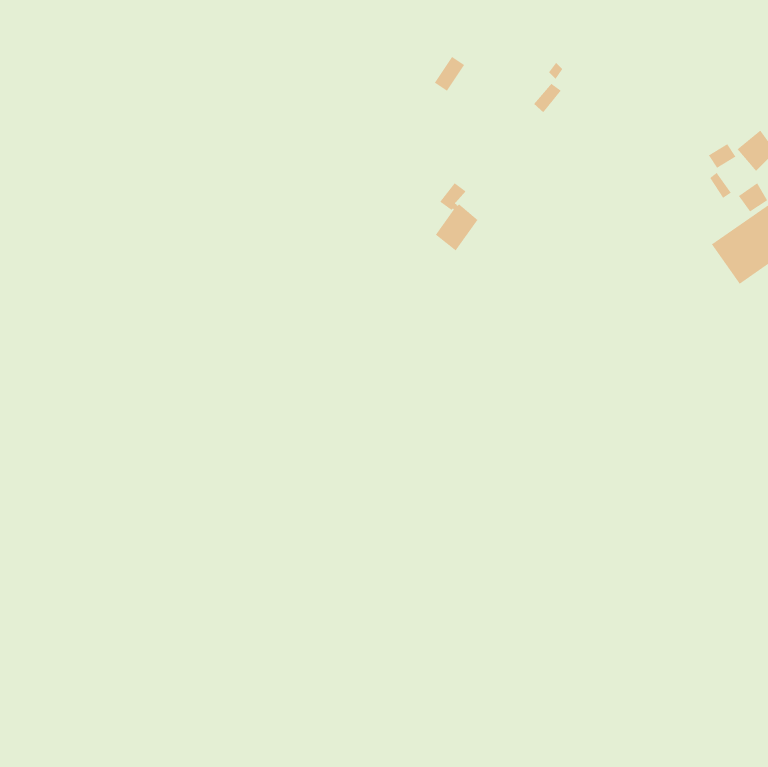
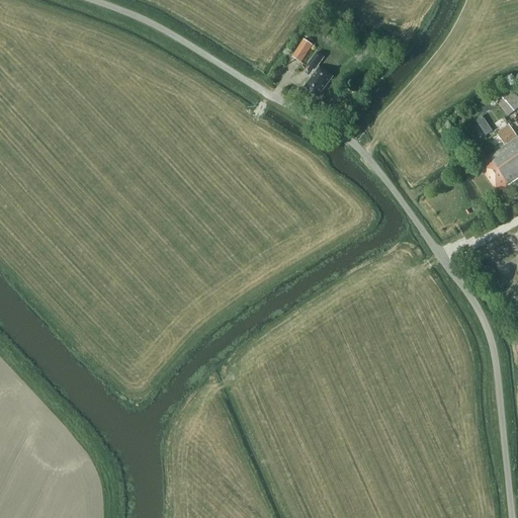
building: [435,182,478,252] -> [305,51,334,97]

